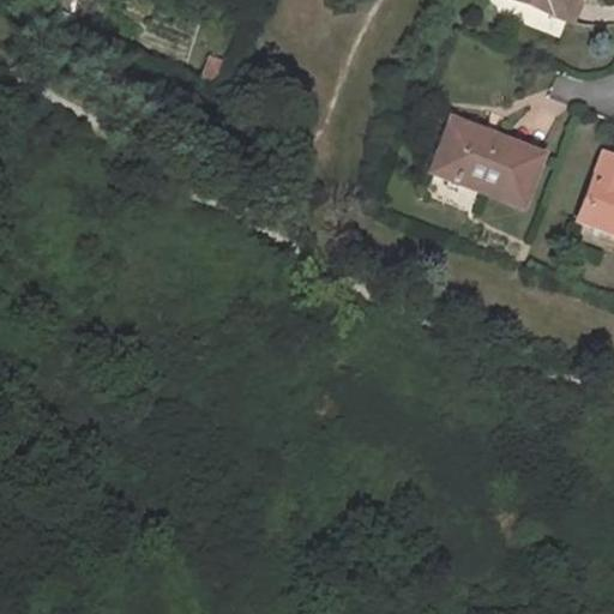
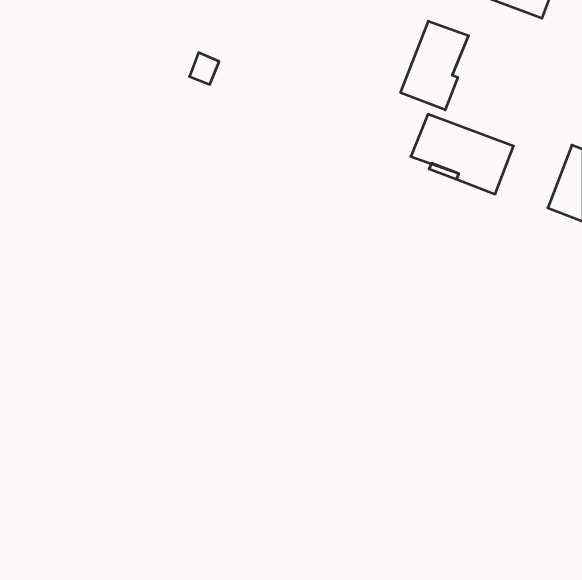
building: none -> [401,21,469,110]

